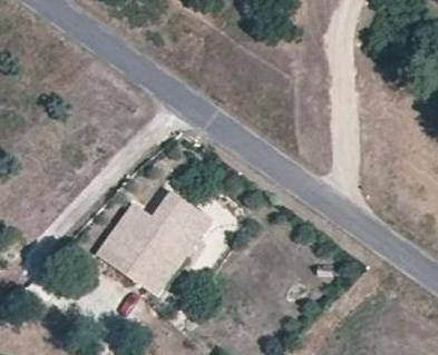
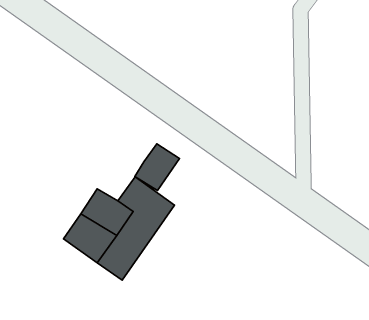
building: none -> [135,144,180,191]

